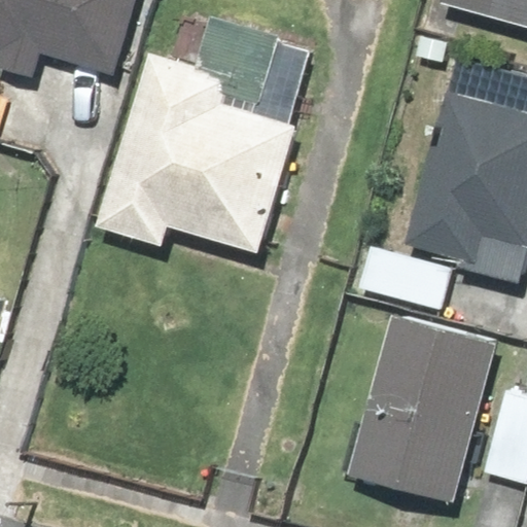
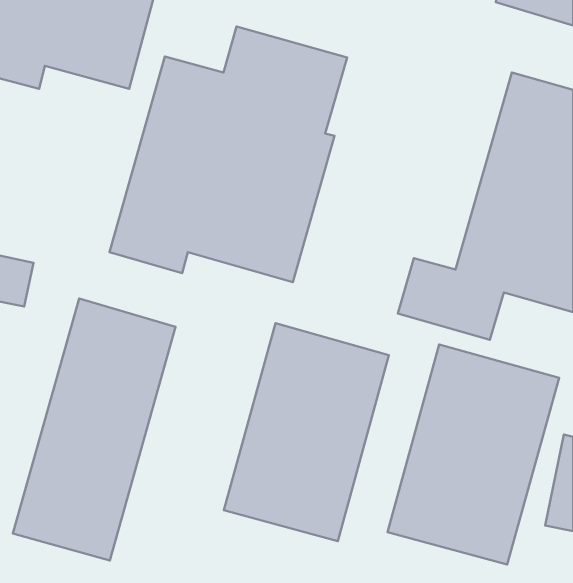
building: none -> [13,299,176,561]
building: none -> [224,323,389,541]

